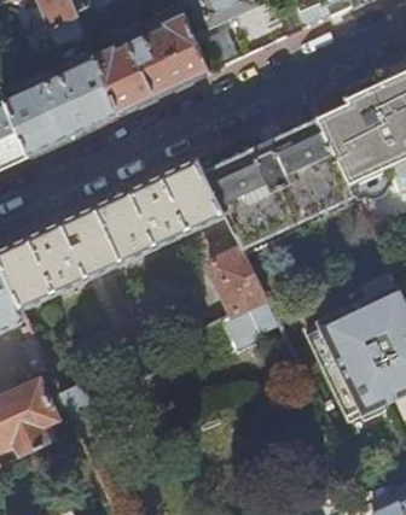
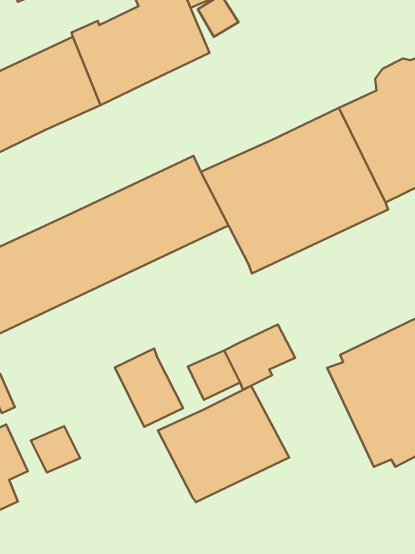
building: [209,247,266,312] -> [115,349,183,427]
building: none -> [158,386,289,502]

